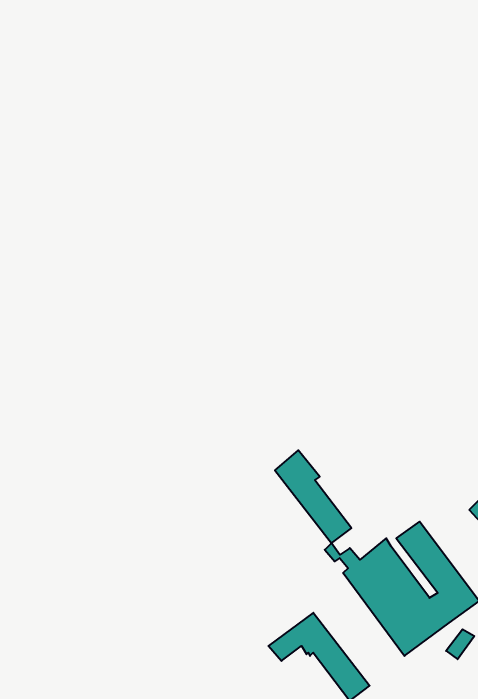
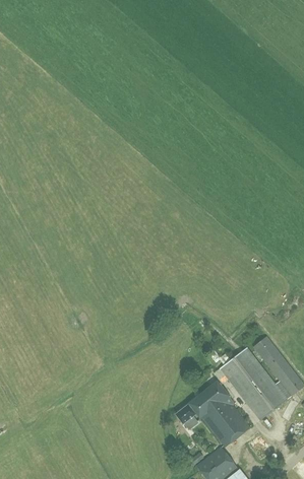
building: [275,450,351,543] -> [202,381,249,437]

